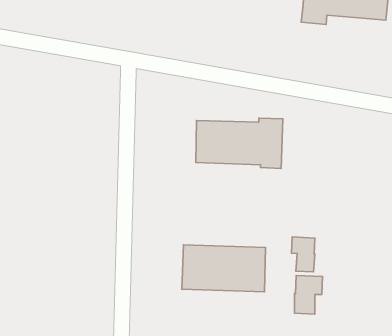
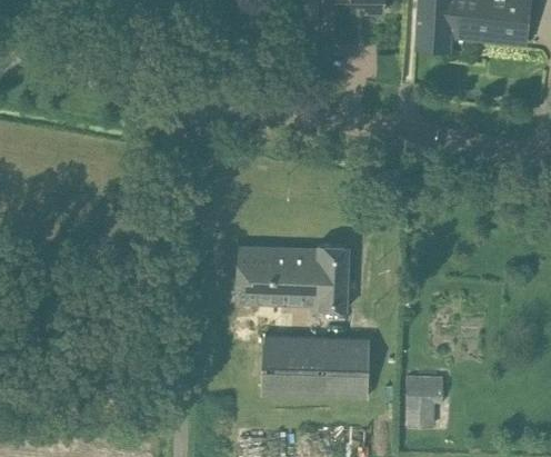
building: [196,118,283,168] -> [236,245,349,310]
building: [291,237,315,272] -> none

